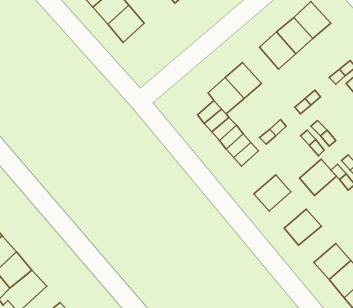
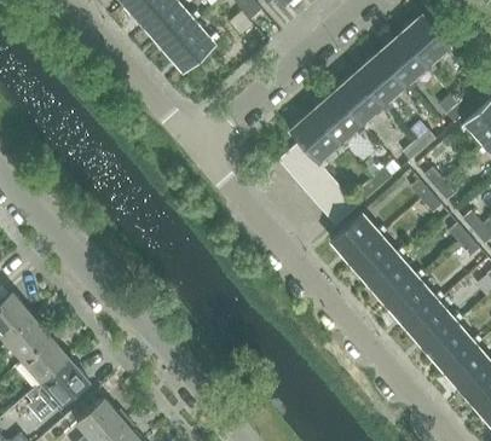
building: none -> [336,75,382,121]
building: none -> [331,214,379,261]
building: [299,159,337,195] -> [370,259,417,304]
building: none -> [408,302,455,348]

